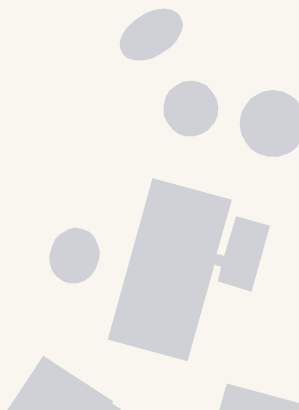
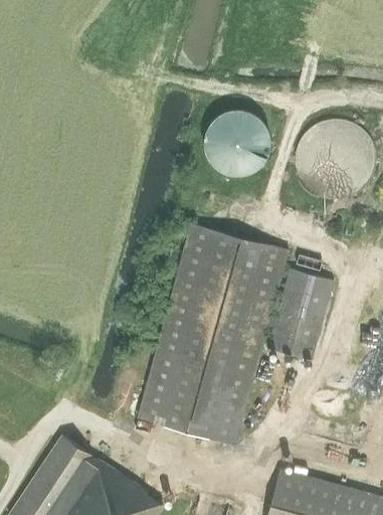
building: [119,8,184,61] -> none
building: [49,227,100,284] -> none

